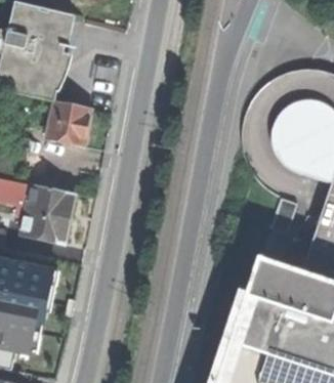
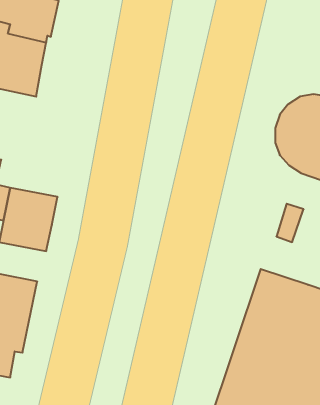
building: [46,100,92,145] -> none

